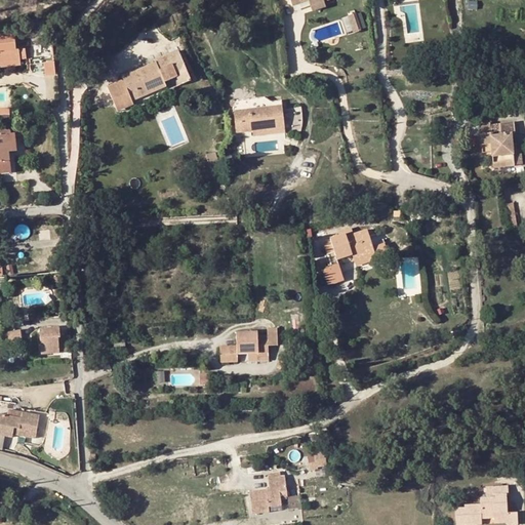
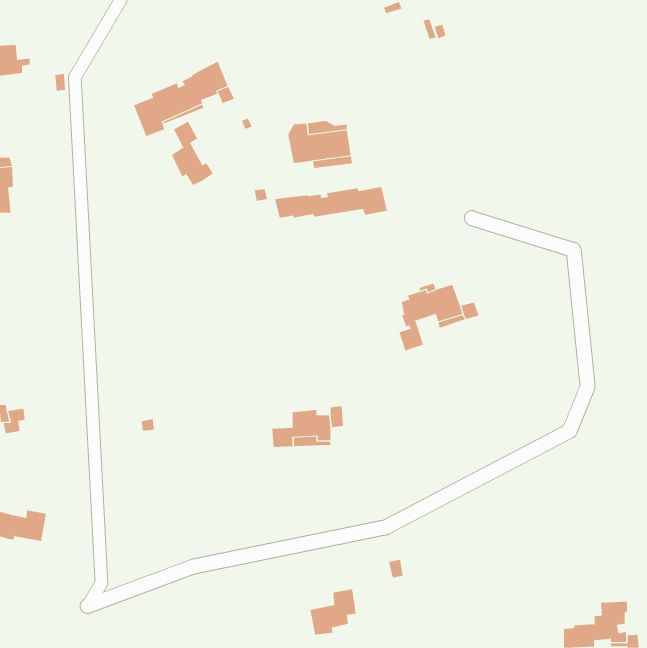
building: none -> [171,121,214,186]
building: [478,123,514,167] -> none
building: none -> [275,186,388,218]
building: [38,328,58,354] -> none

